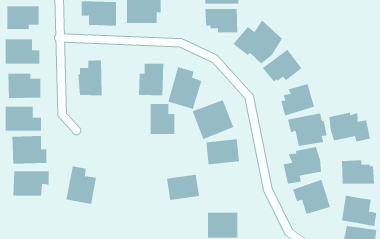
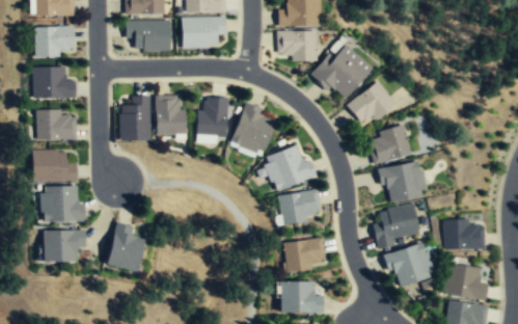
building: [150,103,175,135] -> [155,97,186,135]
building: [329,112,370,142] -> none
building: [166,174,200,200] -> [283,239,325,271]

